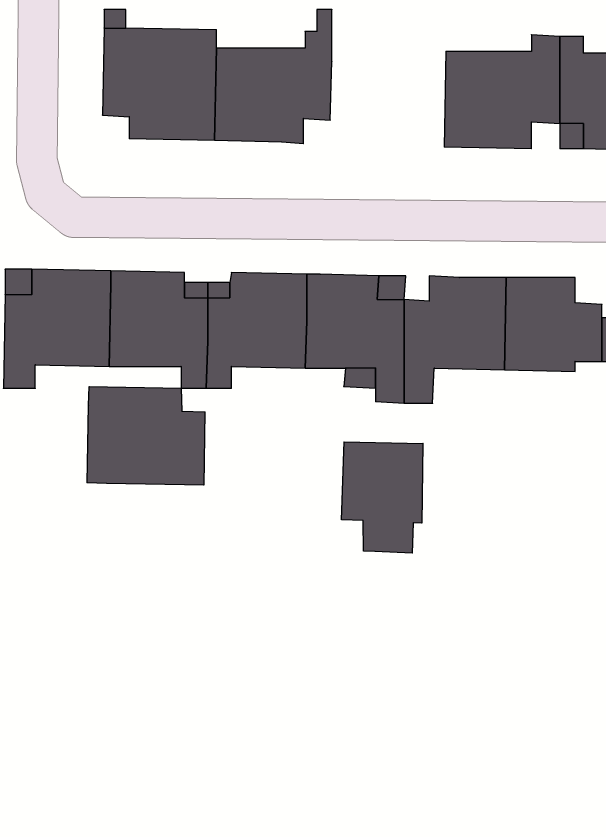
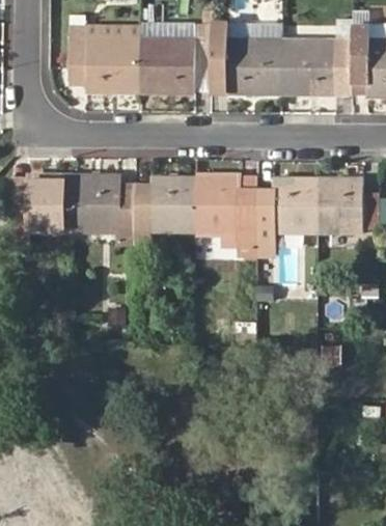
building: none -> [212,36,283,96]
building: [87,387,205,485] -> none
building: [342,442,423,553] -> none

